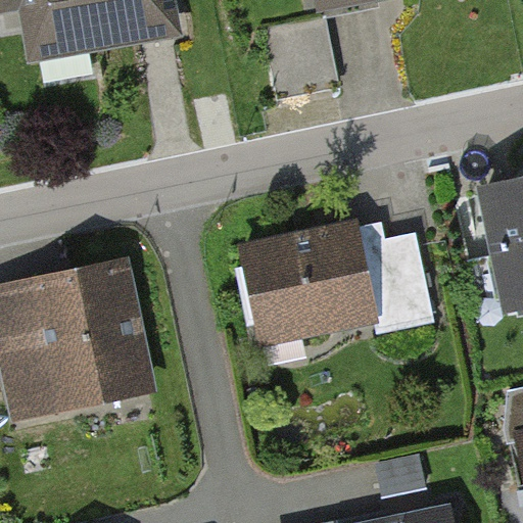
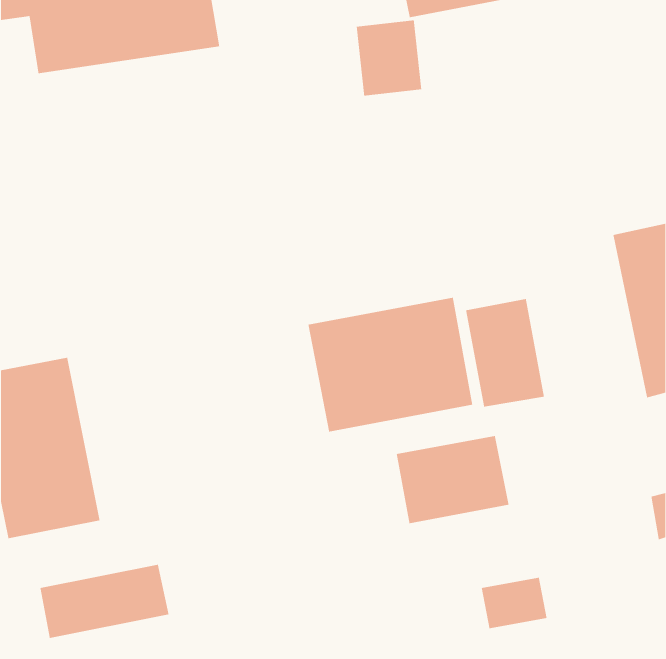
building: [53,266,151,409] -> none
building: none -> [396,435,510,524]
building: none -> [39,564,170,639]

